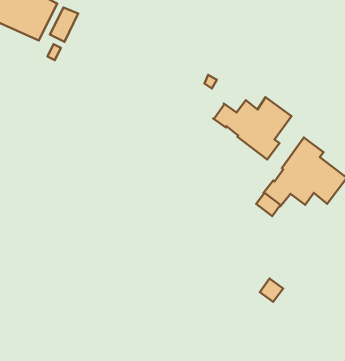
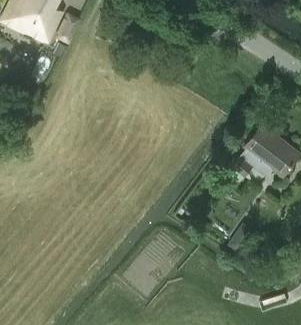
building: [213,97,291,160] -> none

